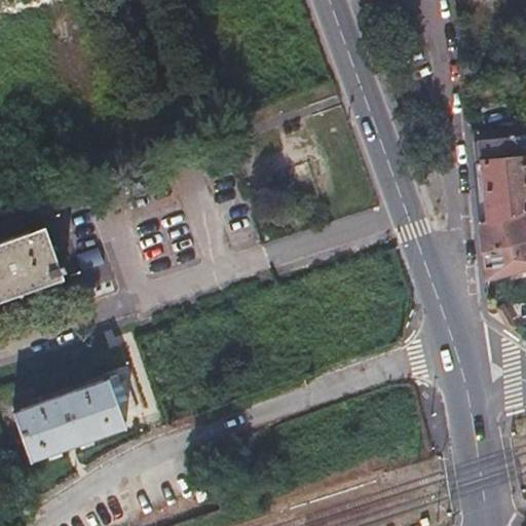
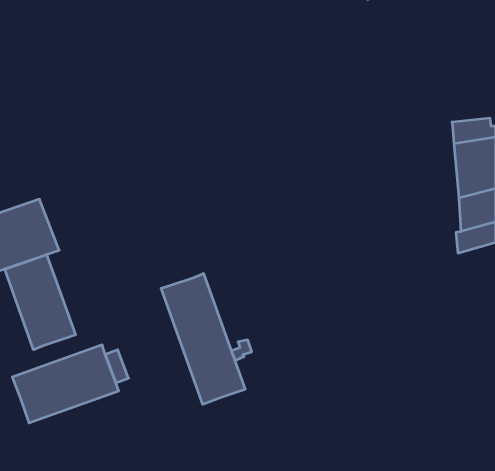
building: none -> [5,254,75,350]
building: none -> [161,273,245,404]

